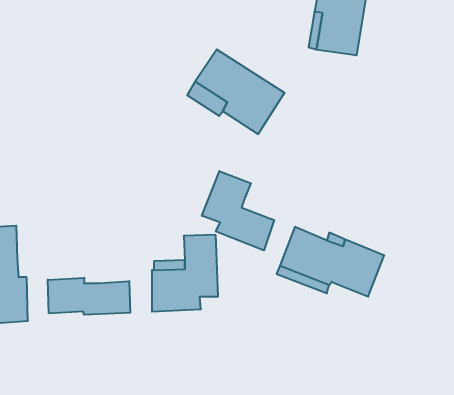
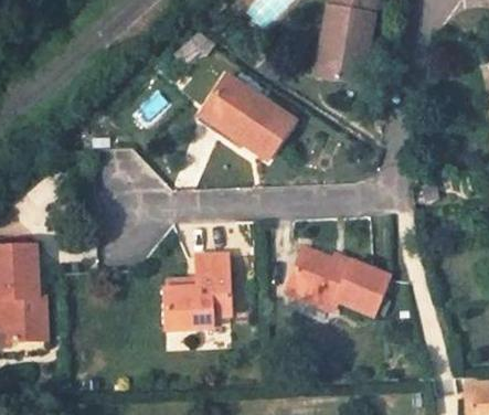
building: [202,171,274,250] -> none
building: [48,278,130,315] -> none

